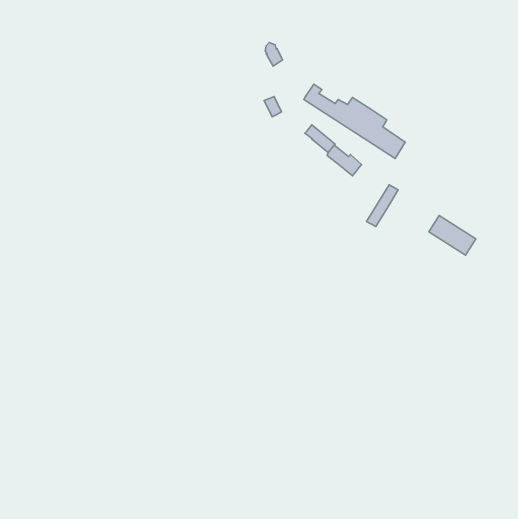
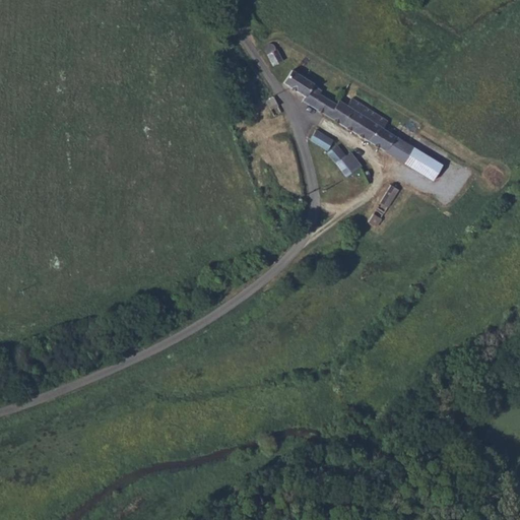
building: none -> [283,70,315,98]
building: [429,216,476,255] -> [396,142,443,182]

